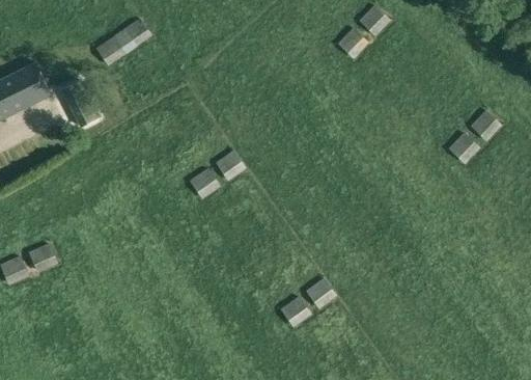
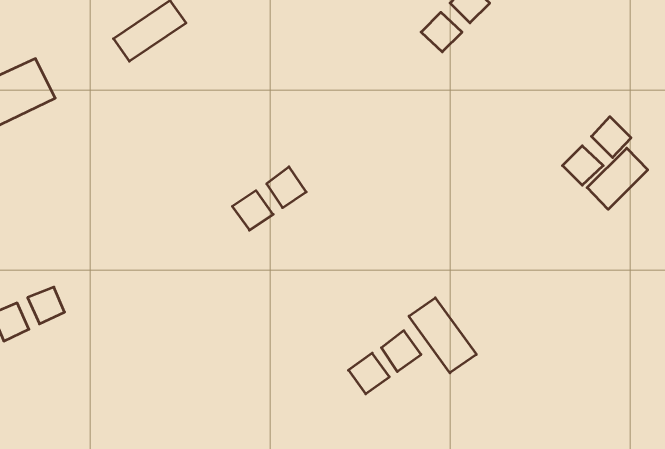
building: none -> [587,148,648,209]
building: none -> [409,298,476,373]

